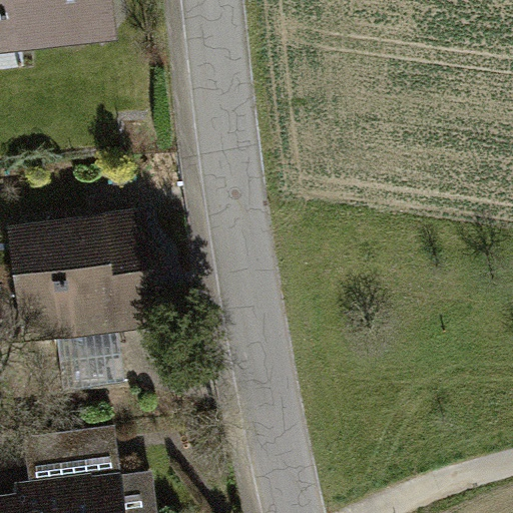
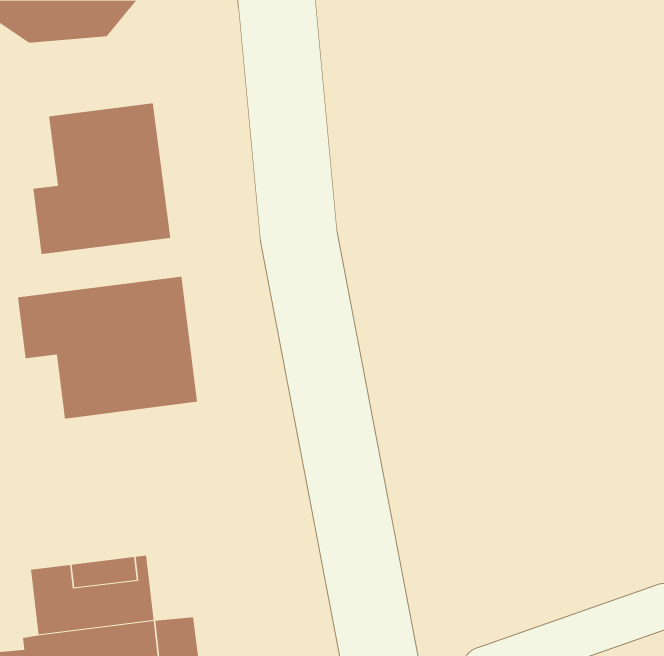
building: none -> [33,103,171,255]

